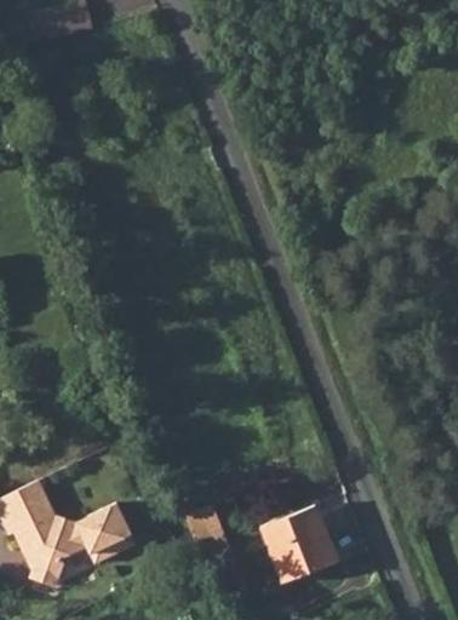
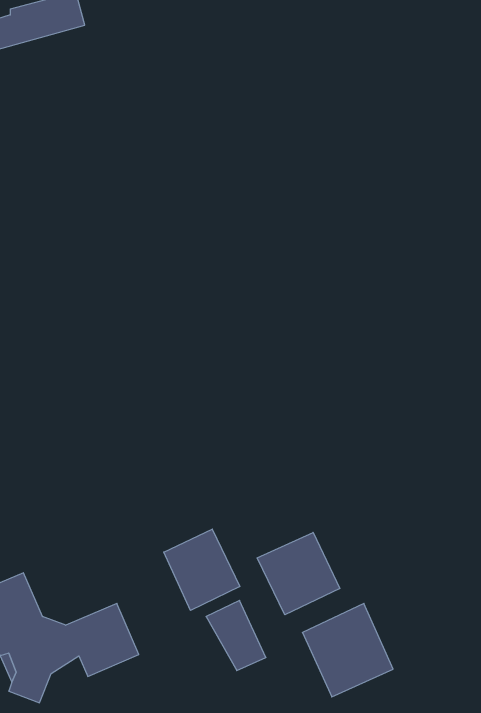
building: none -> [164,529,240,610]
building: none -> [257,532,340,615]

